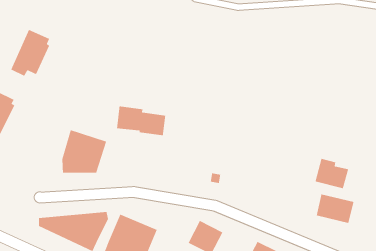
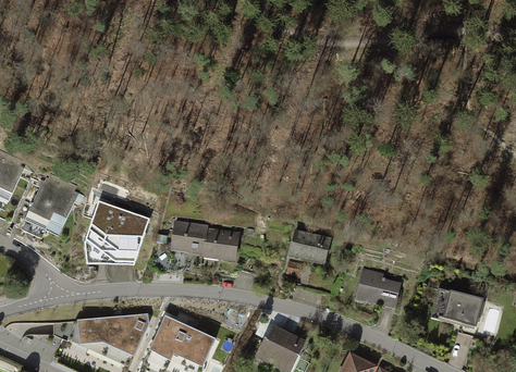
building: [10,29,50,77] -> [21,172,75,237]
building: [116,105,166,136] -> [171,218,238,259]
building: none -> [287,228,330,262]
building: [314,158,349,189] -> [355,266,402,309]

